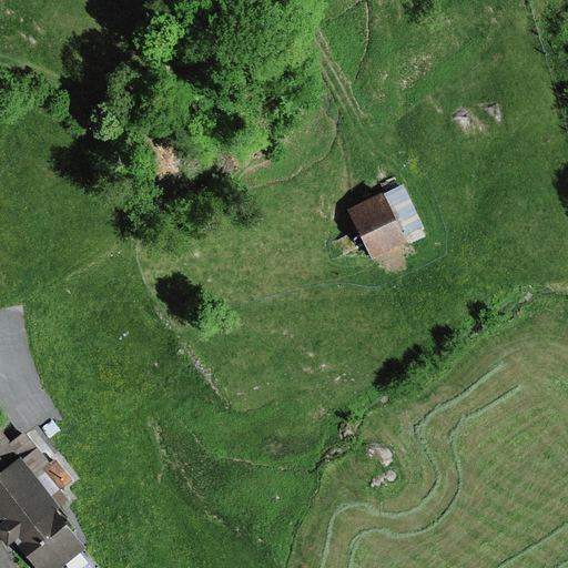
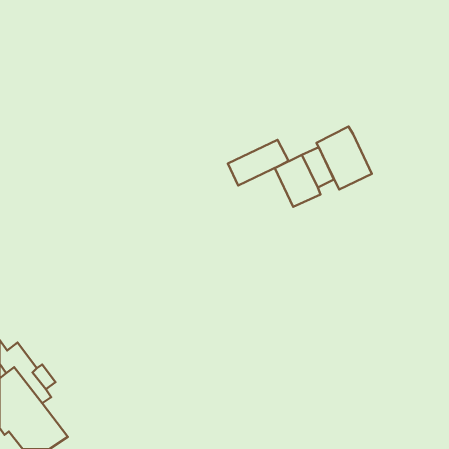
building: none -> [317,127,372,189]
building: none -> [228,140,288,185]

